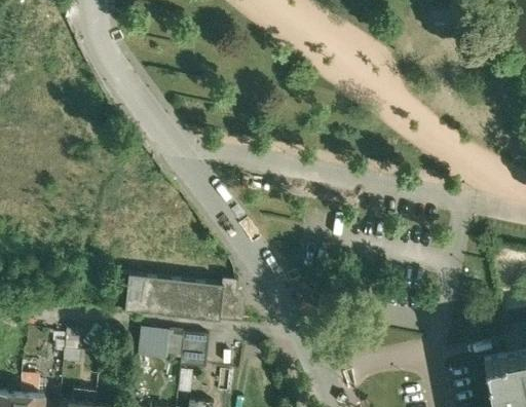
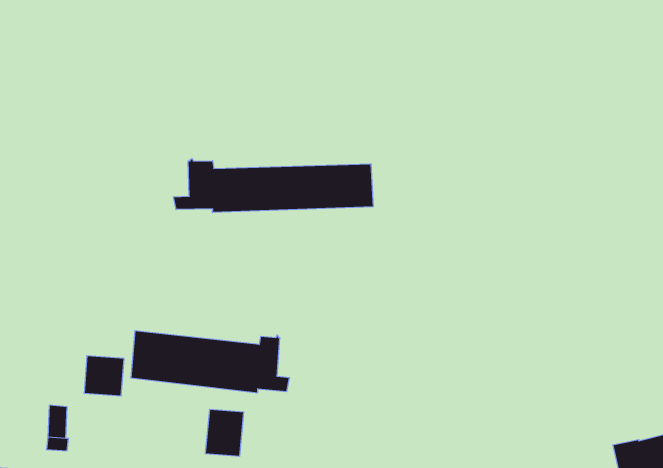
building: none -> [174,159,373,213]
building: [137,329,166,359] -> [84,356,124,396]

